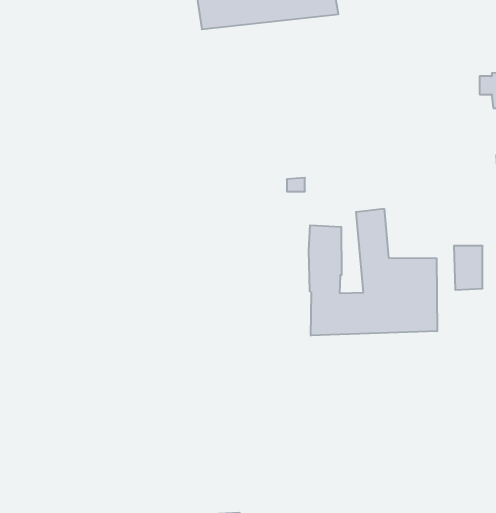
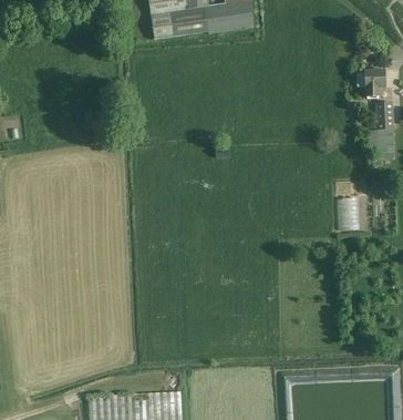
building: [309,209,437,336] -> none

